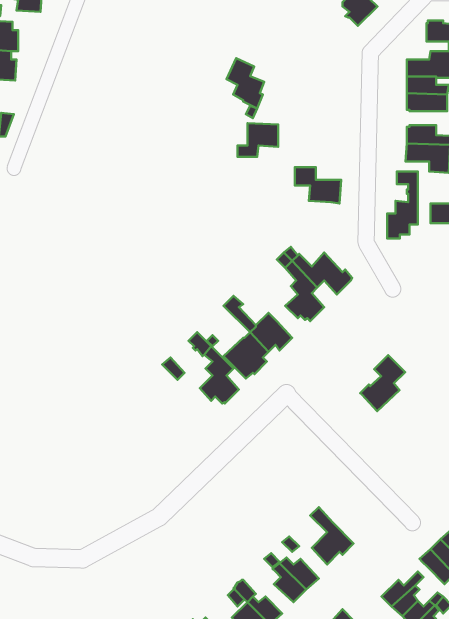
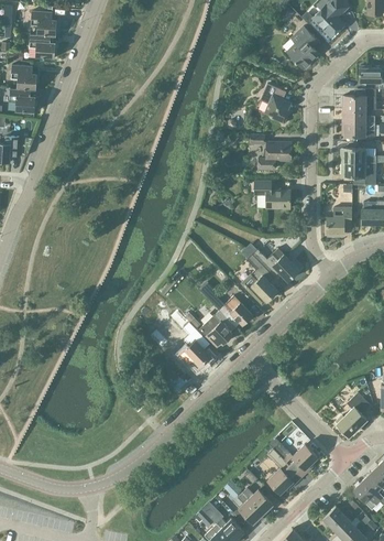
building: [226,58,264,108] -> [259,84,288,123]
building: [238,123,278,157] -> [257,142,289,169]
building: [360,355,405,411] -> [334,392,370,436]
building: none -> [283,444,316,477]

